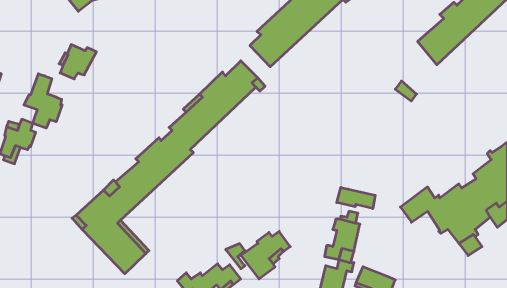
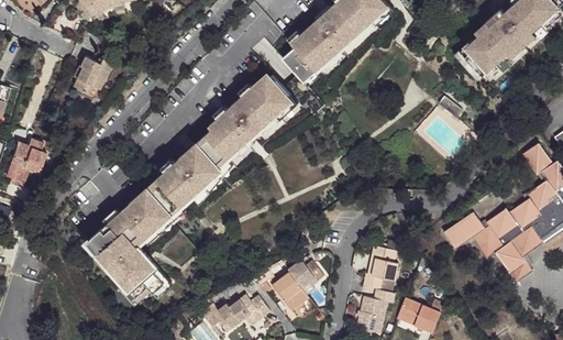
building: [24,74,62,128] -> none
building: none -> [521,145,554,177]
building: [337,187,375,209] -> none

